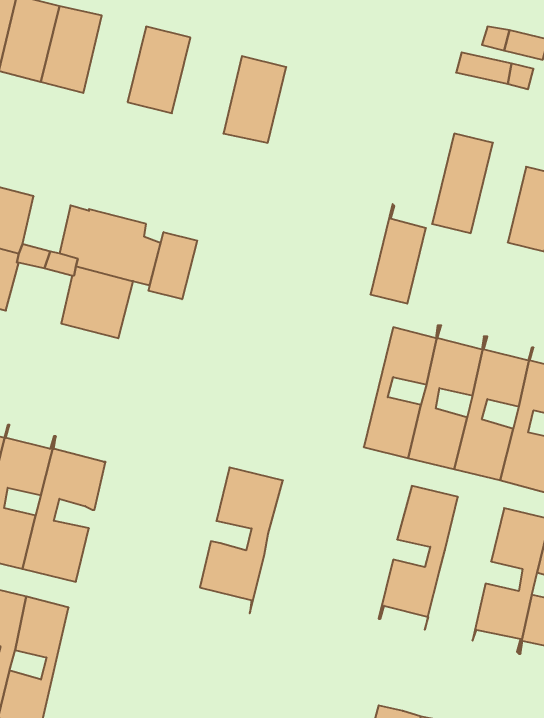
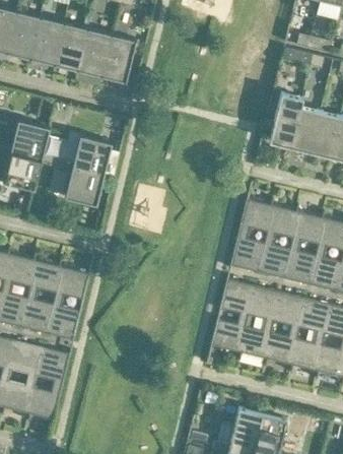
building: [223,56,286,143] -> [76,27,111,75]
building: [370,204,426,304] -> [289,98,320,152]
building: [148,232,197,299] -> none
building: [200,467,283,613] -> [211,279,257,360]
building: none -> [264,293,307,372]

